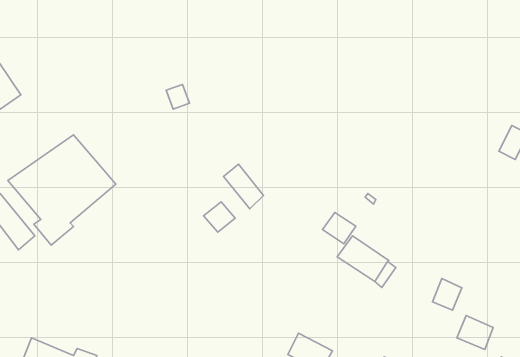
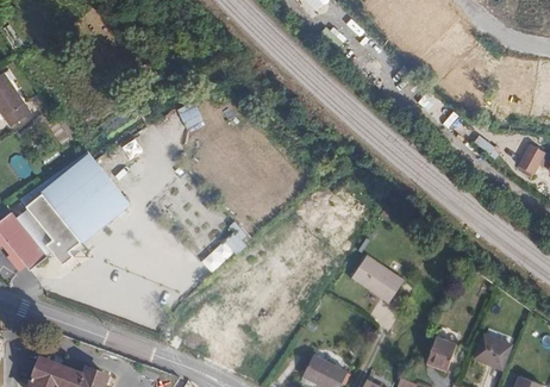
building: [223,164,264,209] -> none
building: [323,212,356,244] -> none
building: [432,278,462,310] -> [426,337,456,369]

